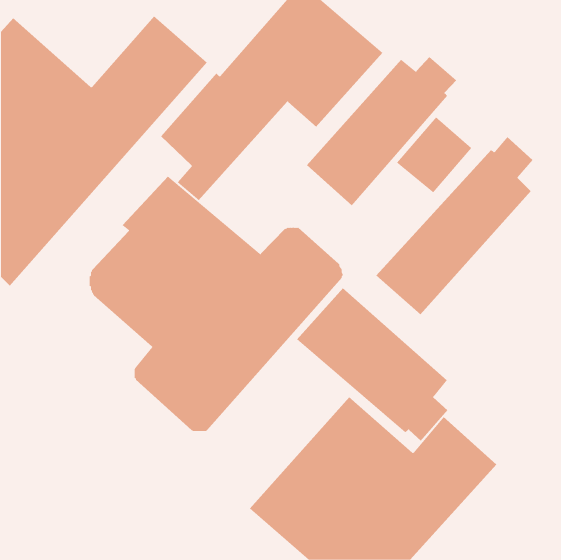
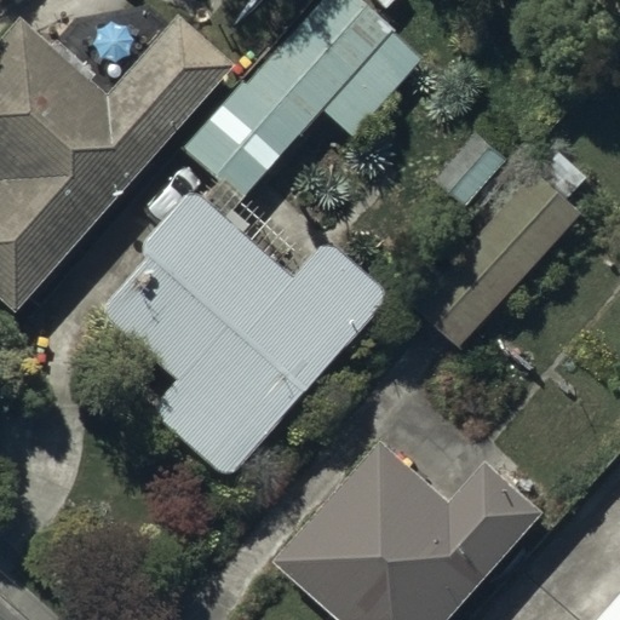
building: [306,56,457,206] -> none
building: [296,288,448,442] -> none

